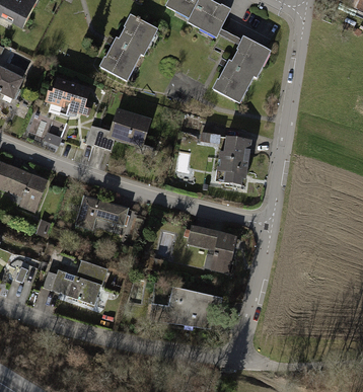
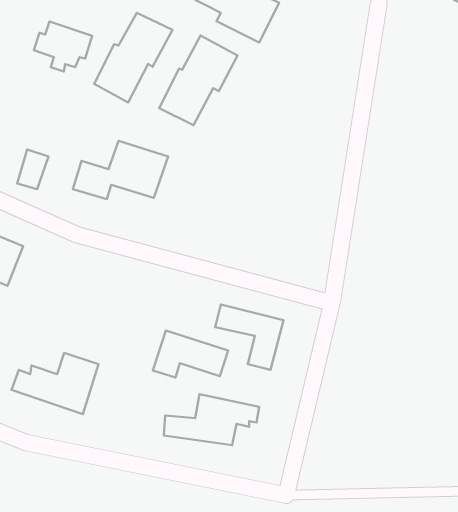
building: [214,37,270,101] -> [159,36,237,125]
building: [46,79,87,114] -> [34,22,92,71]
building: [220,135,252,186] -> none
building: [76,195,130,229] -> [153,331,228,378]

